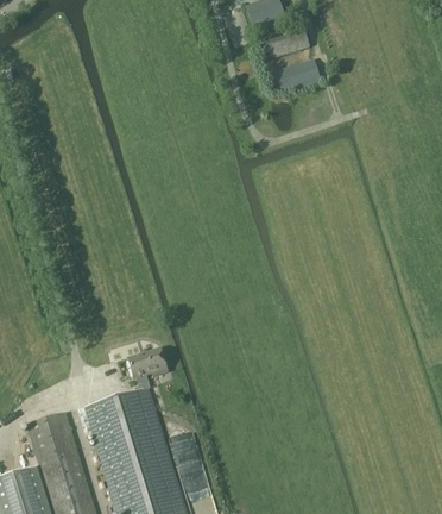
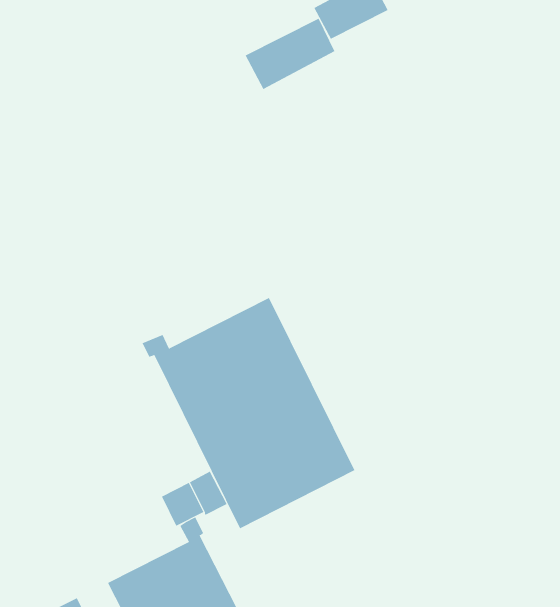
building: none -> [245,18,335,90]
building: none -> [142,297,355,529]

